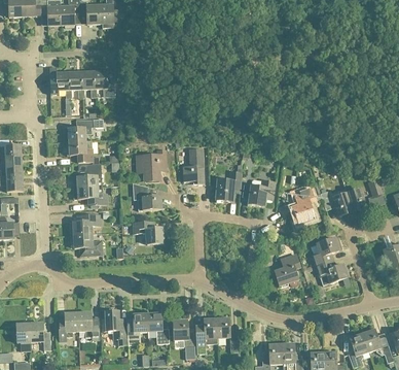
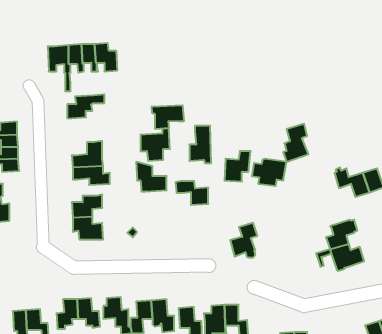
building: none -> [152,105,184,129]
building: [66,140,99,164] -> none
building: [291,189,315,225] -> [283,124,308,162]
building: [132,222,162,244] -> [176,181,208,205]
building: [275,254,300,287] -> [230,223,257,258]

